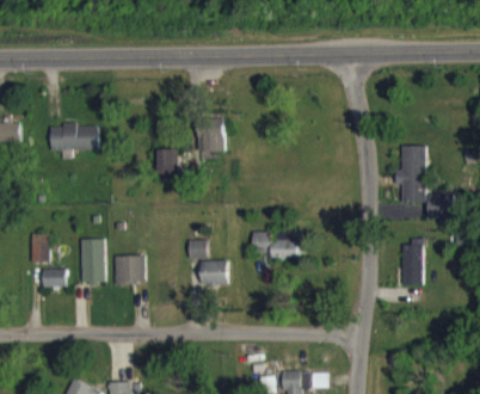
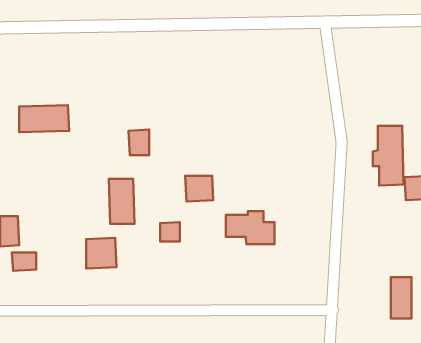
building: [197,118,223,150] -> none
building: [80,239,105,283] -> [109,179,134,224]
building: [402,244,423,284] -> [391,277,411,318]
building: [201,260,228,285] -> [185,176,213,202]

